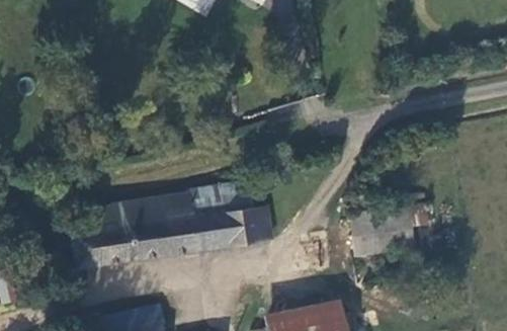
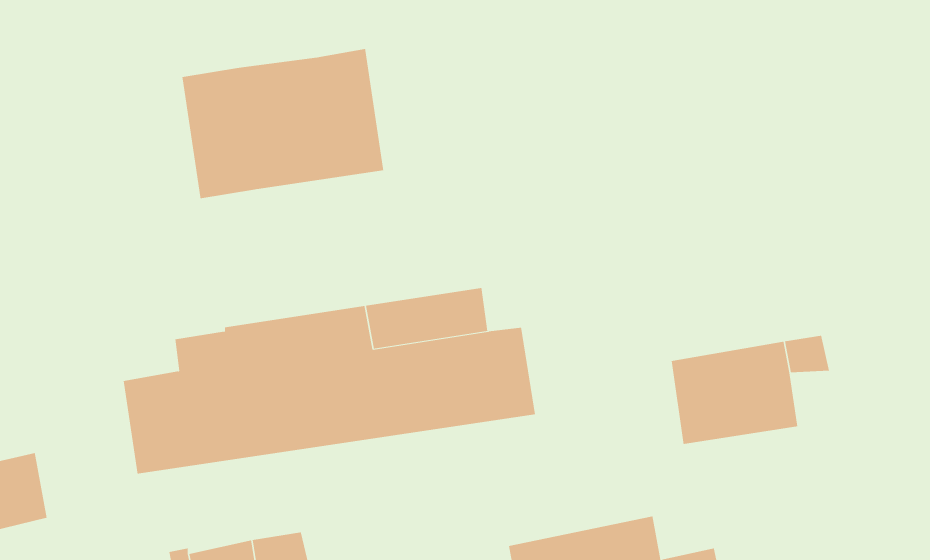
building: none -> [182,48,384,199]

